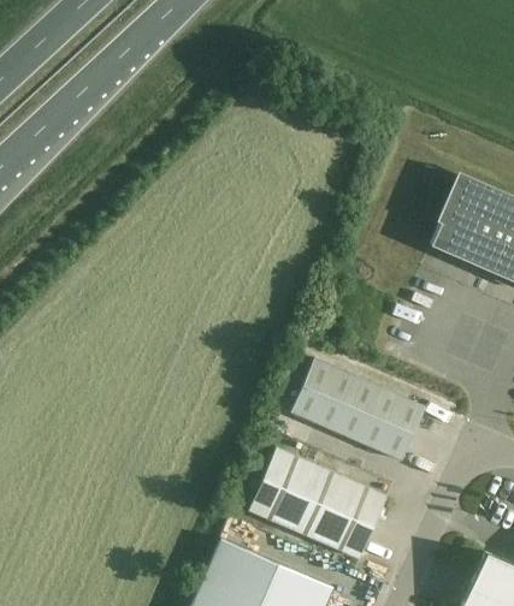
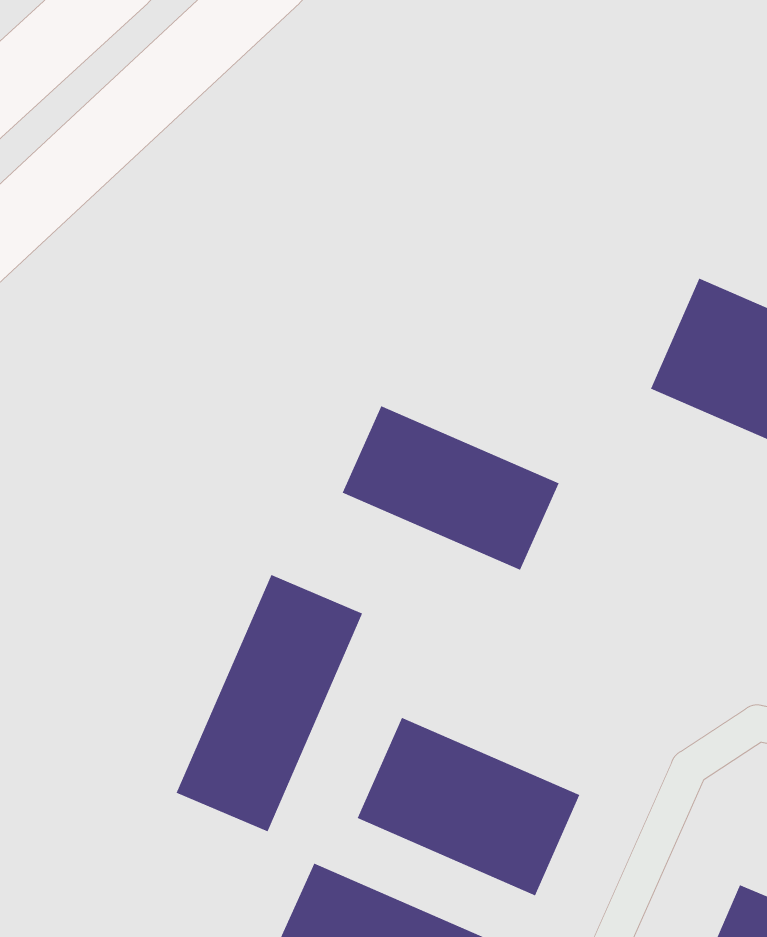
building: [291,358,426,461] -> [342,405,560,571]
building: none -> [176,574,363,832]

